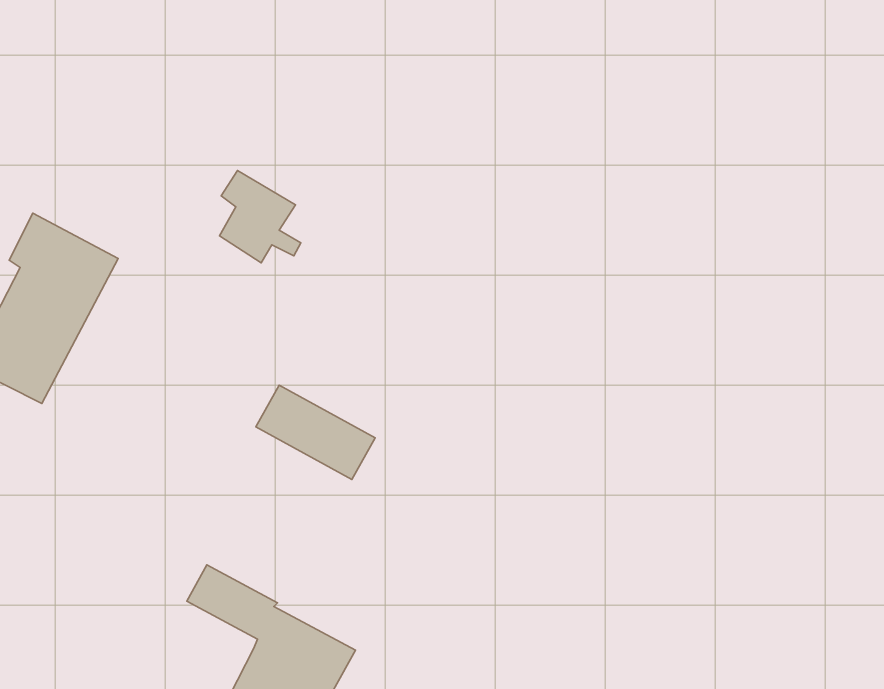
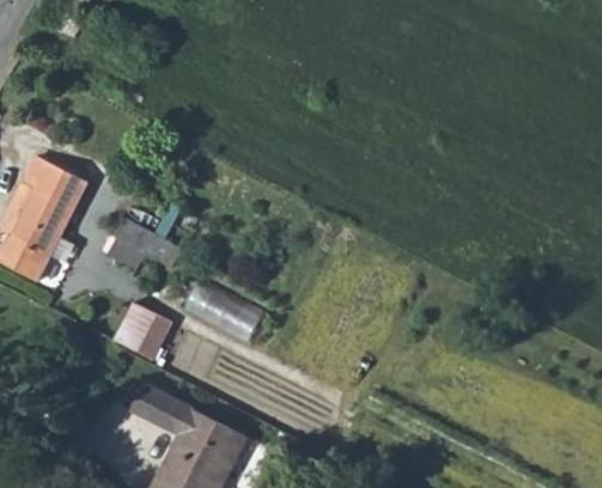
building: [219,170,301,263] -> [108,215,162,276]
building: none -> [107,294,163,352]

